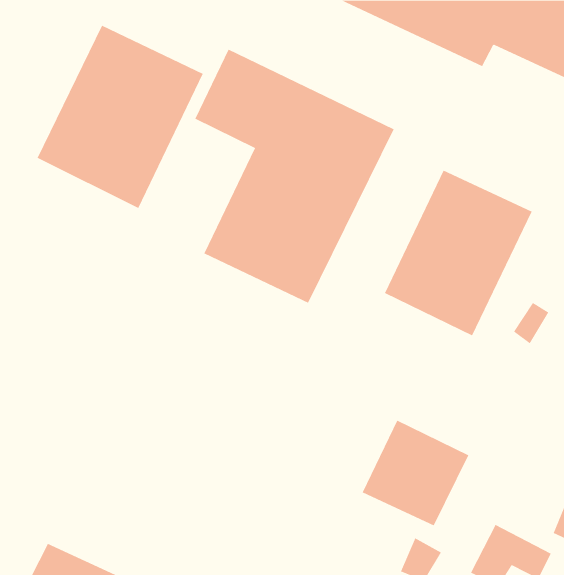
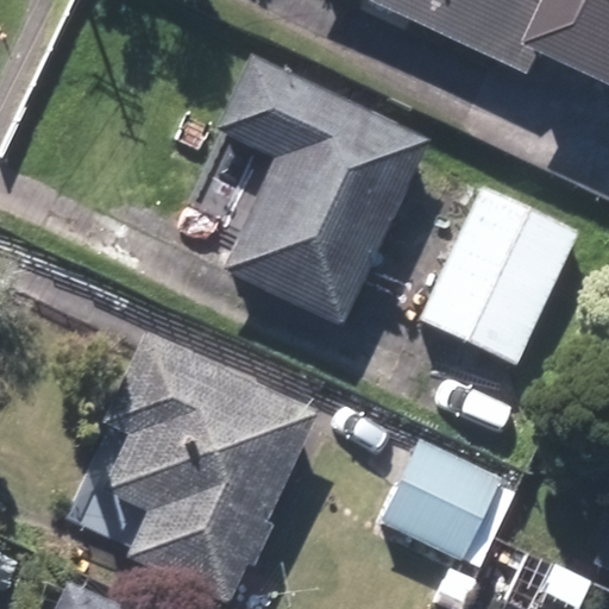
building: [37,25,204,209] -> none
building: none -> [118,337,309,594]

